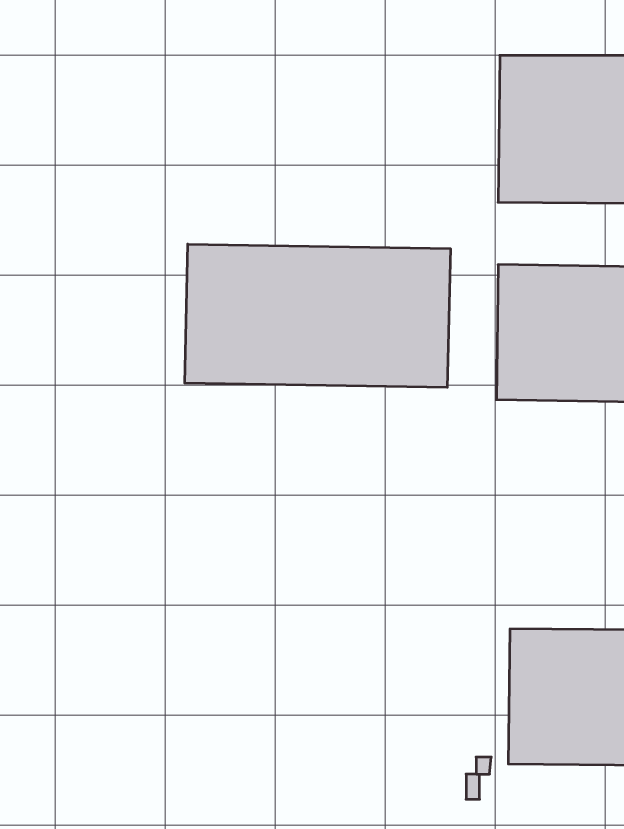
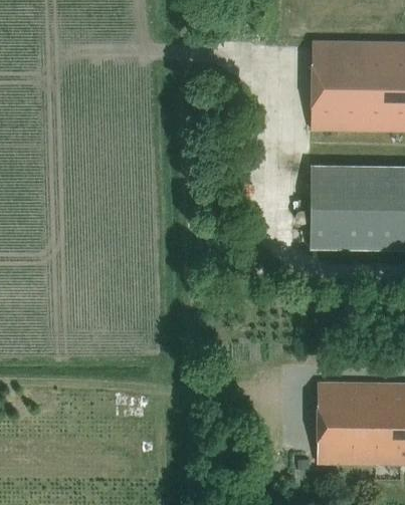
building: [185,244,450,387] -> none

